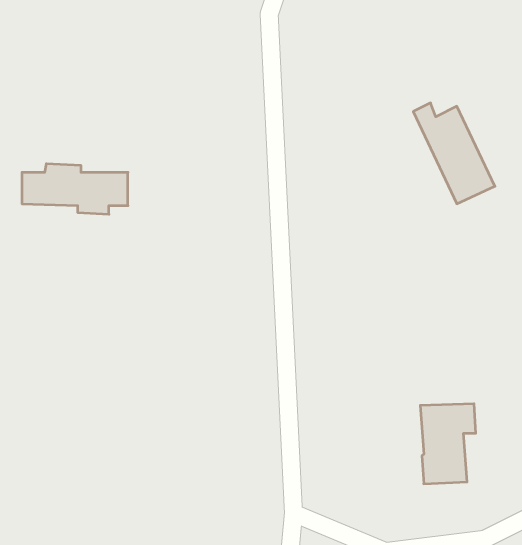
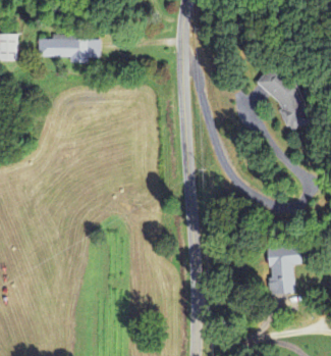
building: [22,164,128,214] -> [37,34,99,63]

